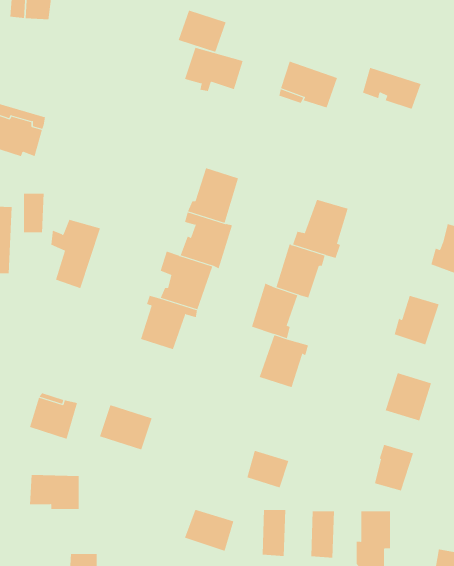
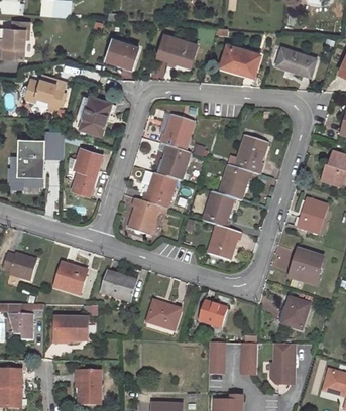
building: [178,10,226,52] -> [106,38,138,66]
building: none -> [78,95,115,134]
building: [184,509,234,552] -> [147,301,181,329]

